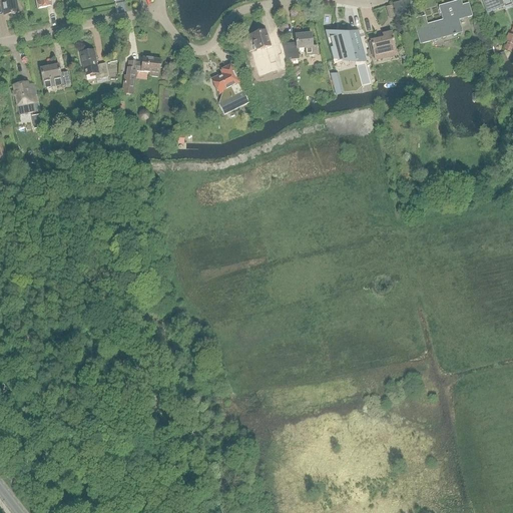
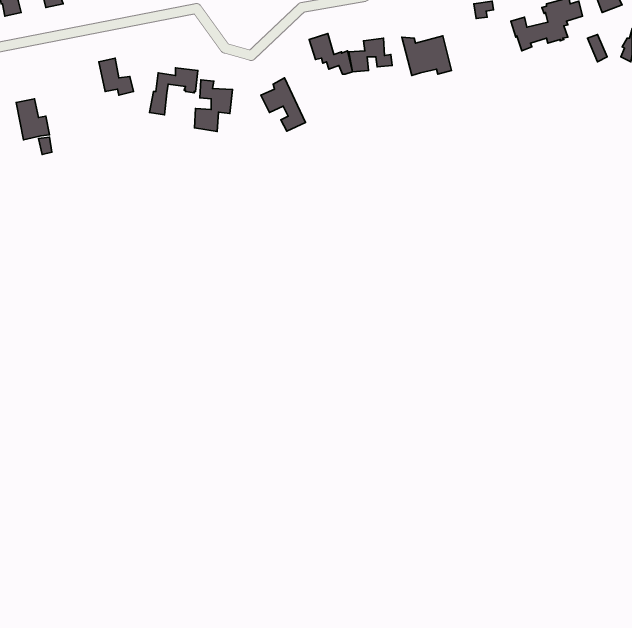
building: [371,30,395,58] -> none
building: [40,62,70,85] -> none
building: none -> [194,80,232,132]

